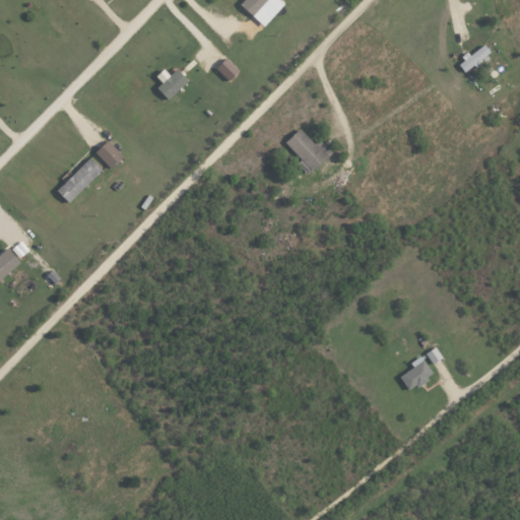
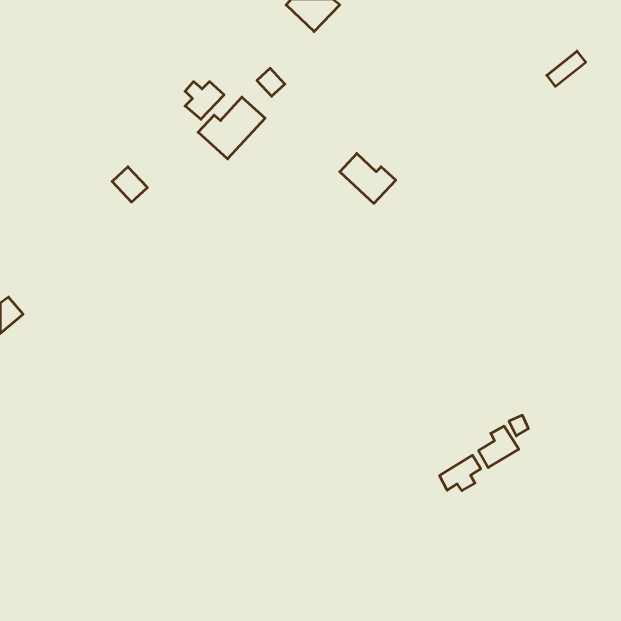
building: none -> [198,97,265,159]
building: [56,157,103,203] -> none
building: none -> [440,455,481,491]

